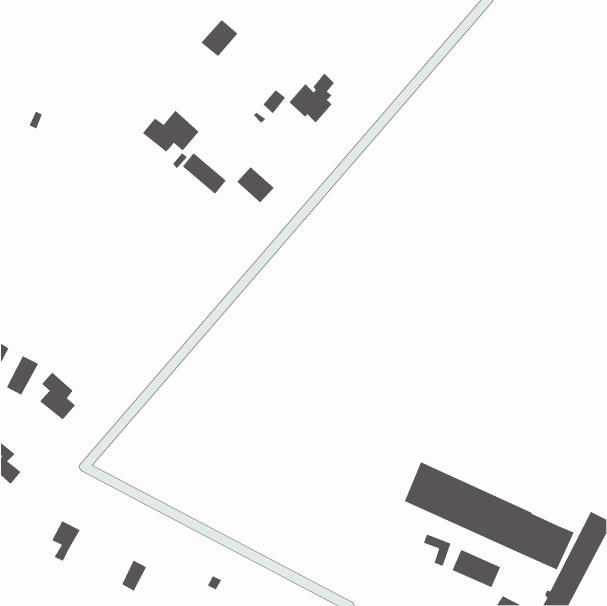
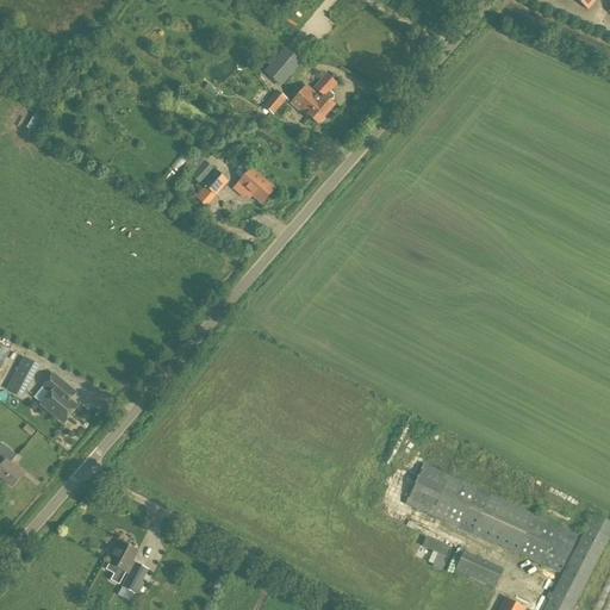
building: [200,19,238,57] -> [263,46,301,85]
building: [142,110,199,153] -> none
building: [51,520,81,562] -> [107,542,137,584]

